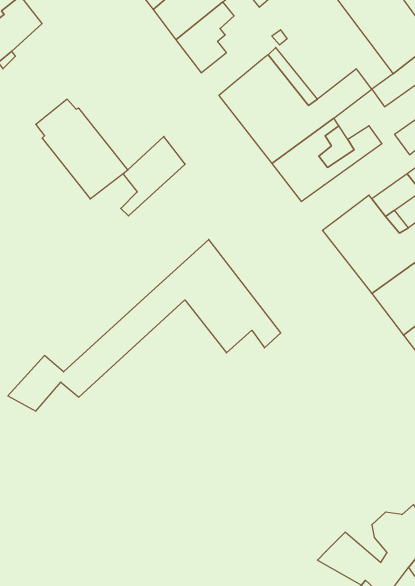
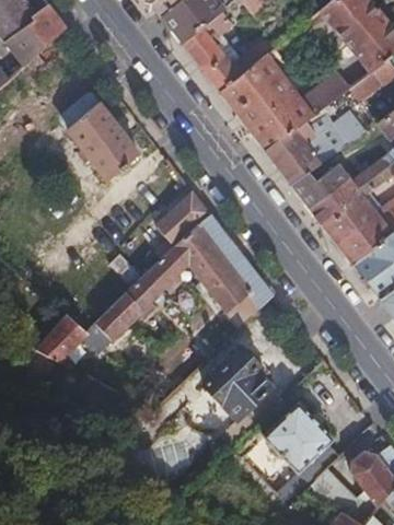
building: none -> [202,45,257,90]
building: [121,136,185,216] -> [153,190,209,259]
building: none -> [289,162,348,207]
building: none -> [205,347,282,457]
building: none -> [265,402,340,485]

